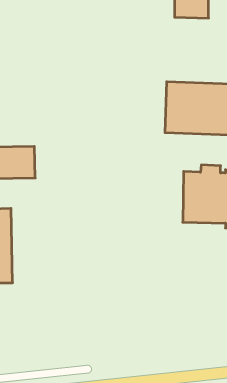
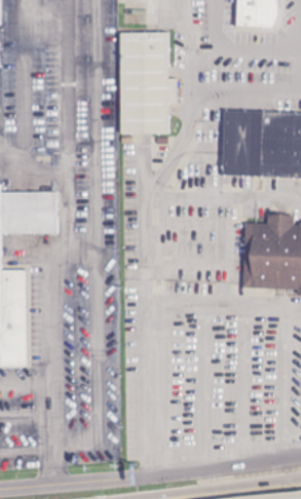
building: none -> [119,32,176,131]

